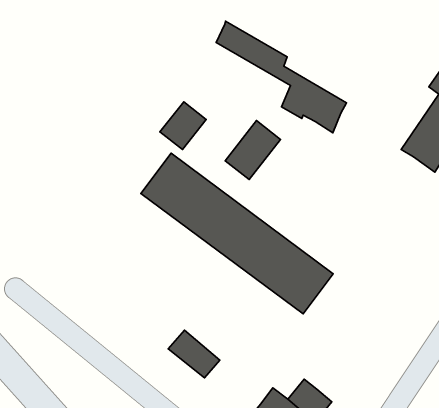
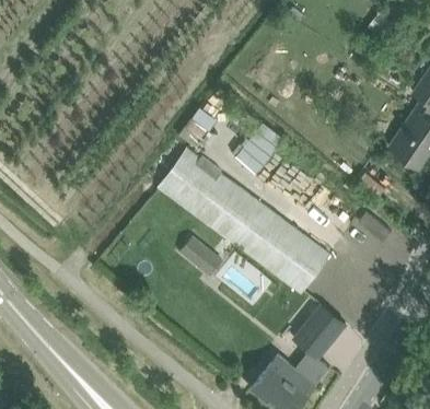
building: [216,21,346,133] -> none
building: none -> [291,304,341,357]
building: [168,330,220,378] -> [177,235,222,277]

